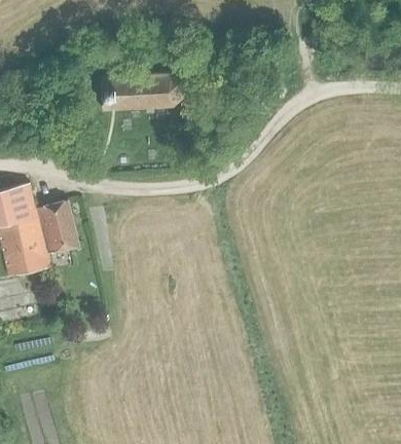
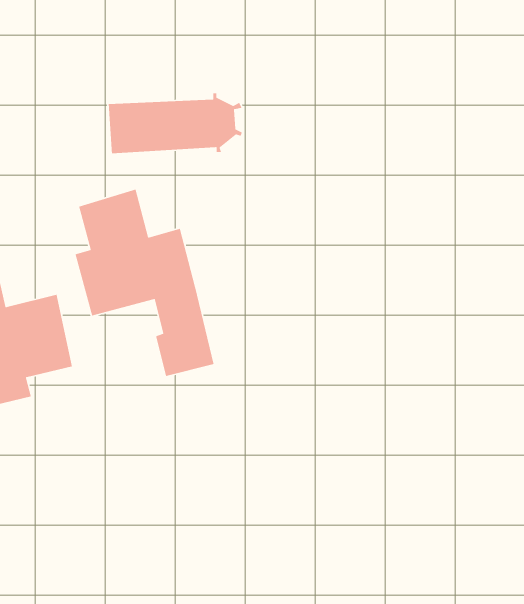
building: none -> [74,189,214,377]

